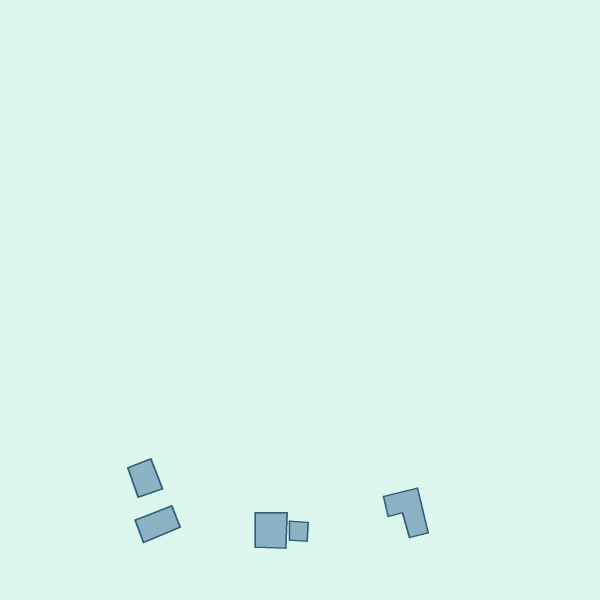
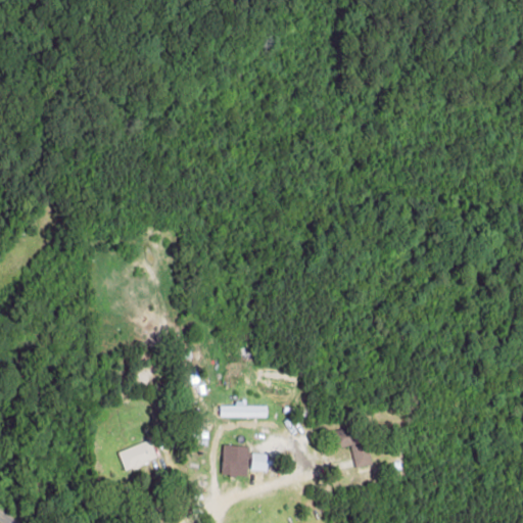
building: [128,459,162,497] -> none
building: none -> [221,401,268,418]

